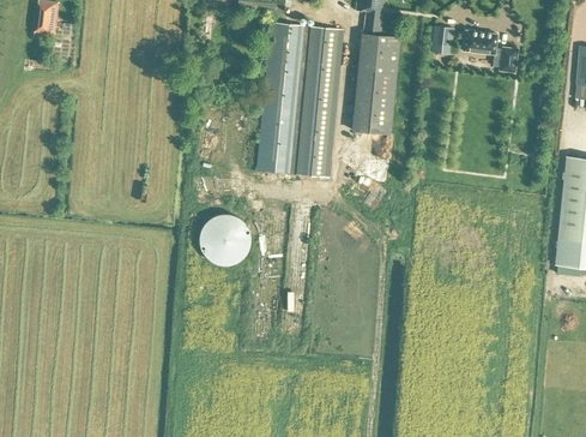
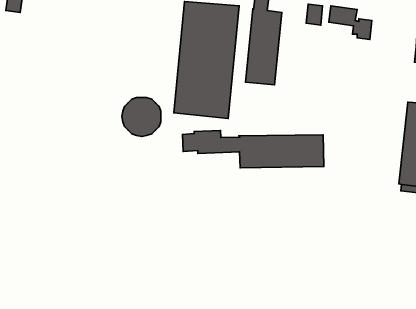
building: none -> [183,131,324,168]
building: [198,214,249,265] -> [122,97,161,136]

